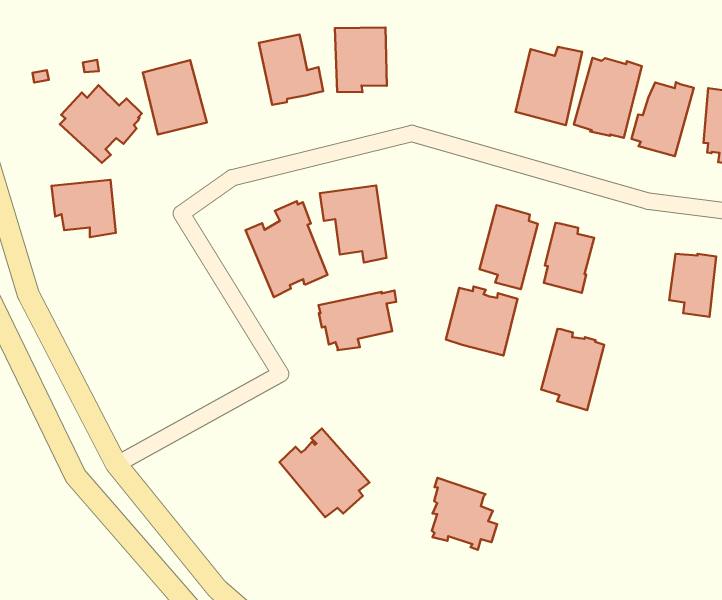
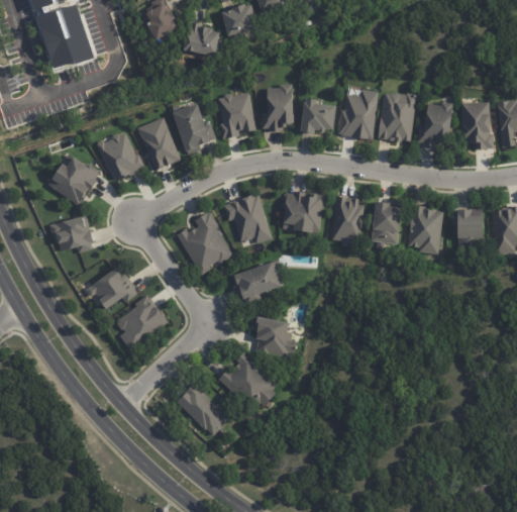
building: none -> [263,84,292,131]
building: none -> [138,116,181,170]
building: none -> [301,98,336,133]
building: none -> [84,268,137,310]
building: [446,287,517,355] -> [282,191,324,232]
building: none -> [115,296,169,346]
building: [541,329,604,410] -> [408,205,444,254]
building: none -> [176,383,228,436]
building: [432,478,497,550] -> [253,316,297,359]

